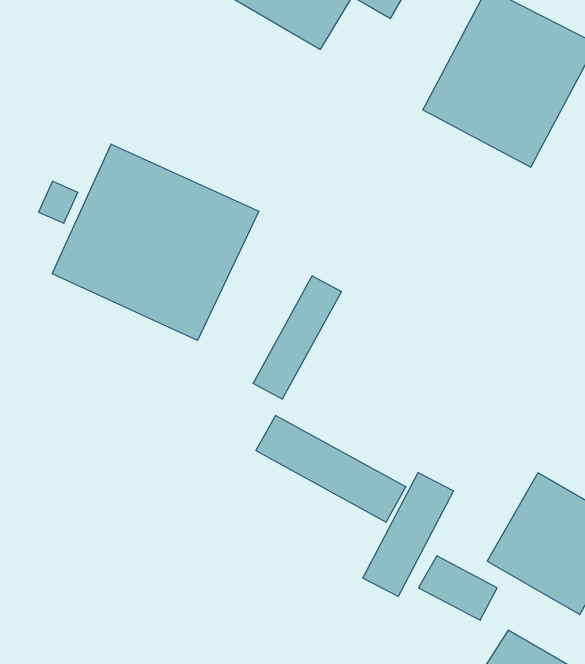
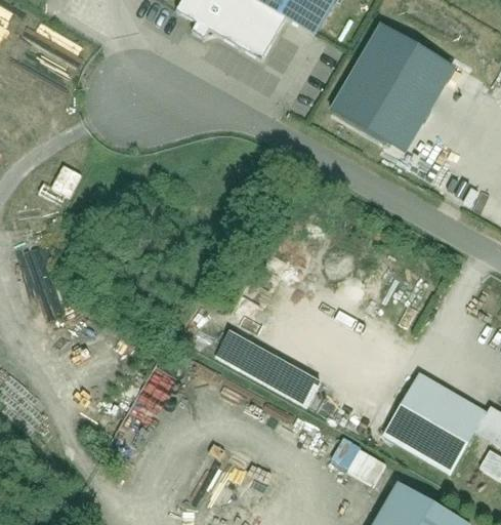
building: [52,144,259,340] -> none
building: [253,276,341,399] -> none
building: [363,473,453,596] -> none

